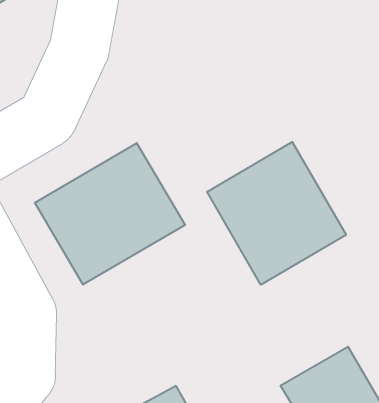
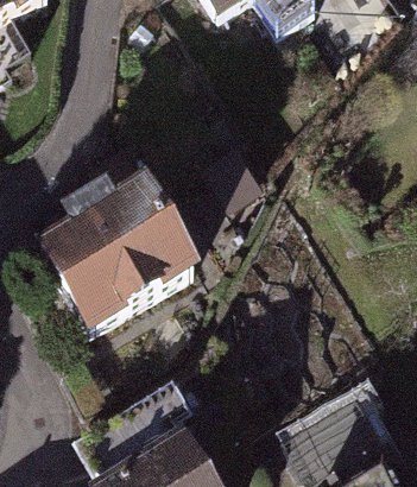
building: [207,142,346,285] -> none

